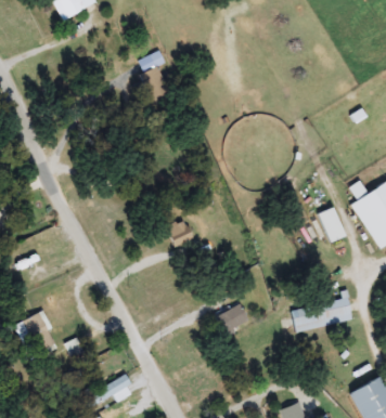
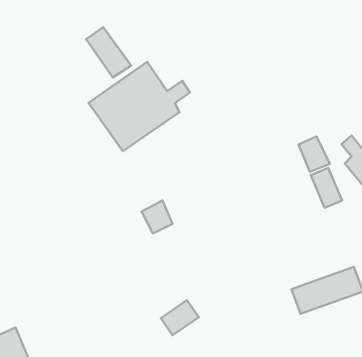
building: none -> [88,62,190,151]
building: none -> [298,137,330,172]
building: [216,303,249,332] -> [161,300,199,335]

